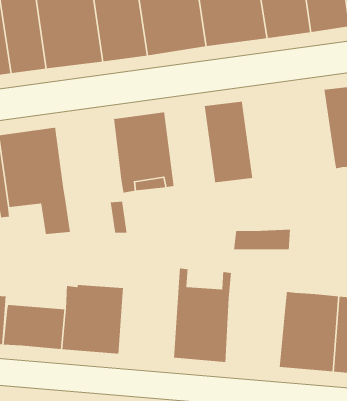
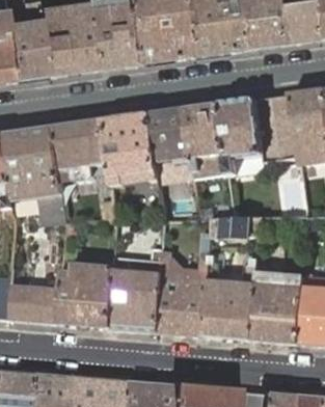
building: none -> [221,93,302,175]
building: none -> [153,108,196,181]
building: none -> [56,119,113,181]
building: none -> [112,247,165,331]
building: none -> [207,255,261,340]

